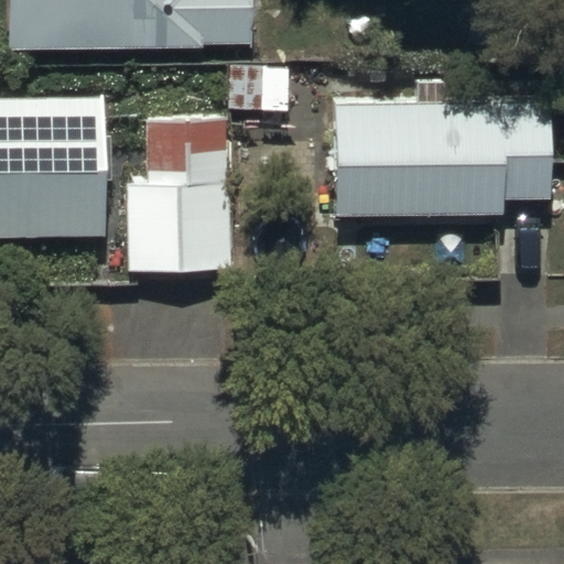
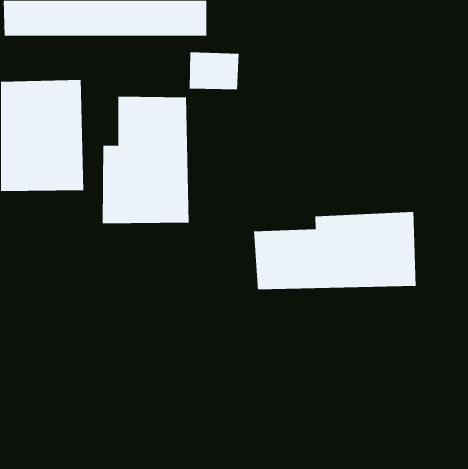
building: [329,95,547,217] -> none
building: none -> [253,211,416,290]

